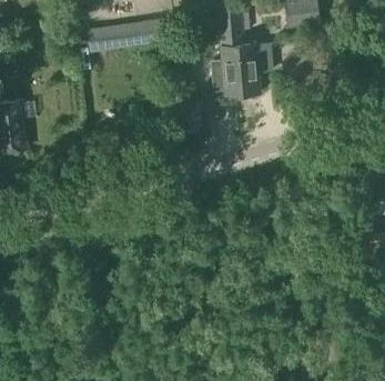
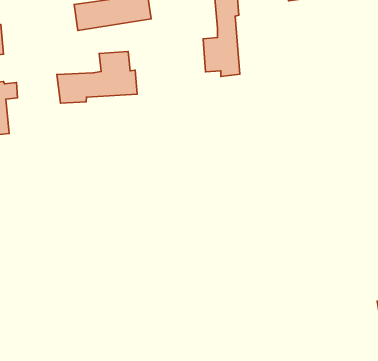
building: [240,39,273,94] -> none
building: none -> [57,51,137,103]

